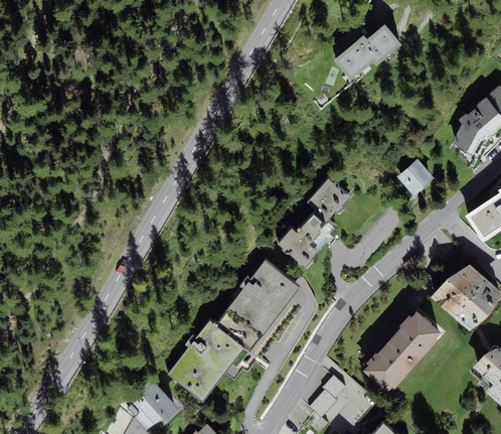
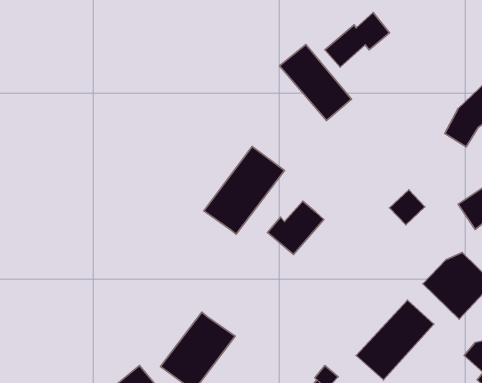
building: none -> [280,44,351,120]
building: [397,160,433,195] -> [390,190,425,225]
building: [304,177,348,223] -> none
building: [217,263,298,350] -> [204,146,285,234]

